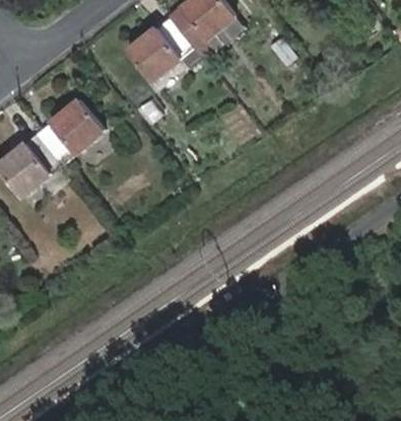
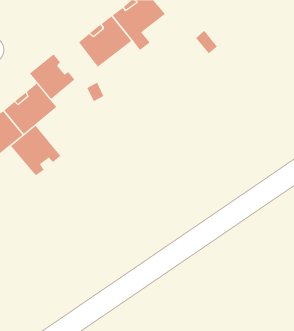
building: none -> [29,53,75,100]
building: none -> [10,125,61,176]

